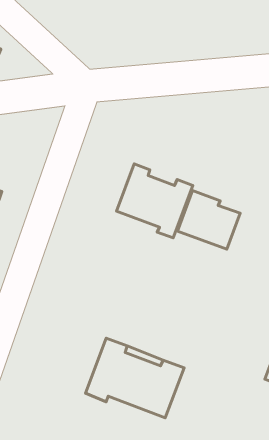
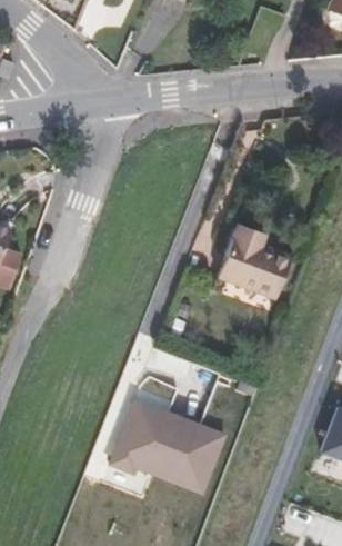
building: [116,164,193,238] -> none

